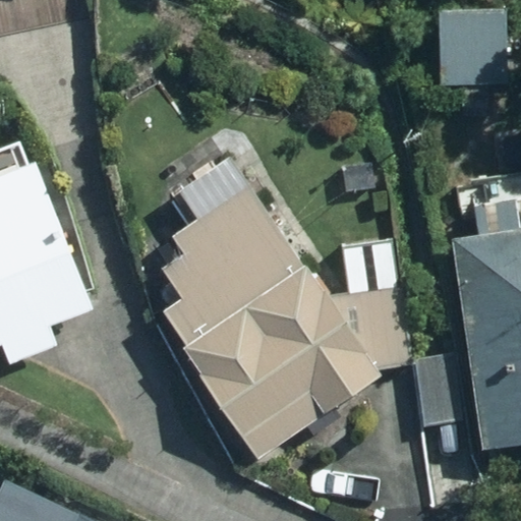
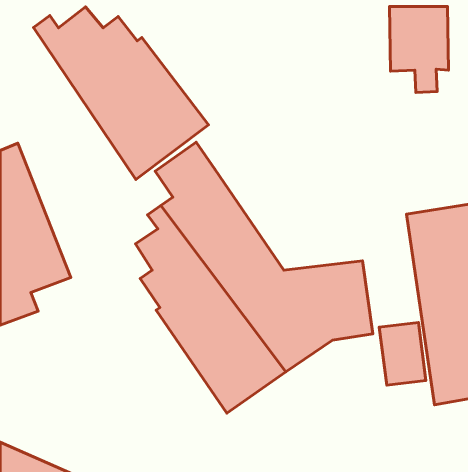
building: none -> [33,7,209,179]

